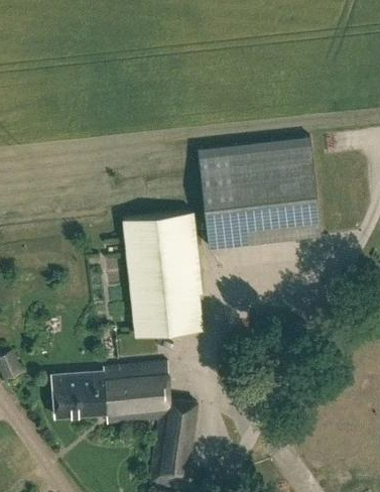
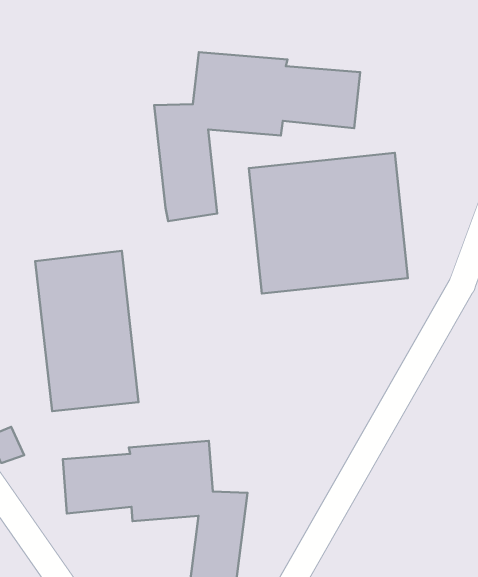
building: none -> [154,52,360,221]
building: [123,212,204,337] -> [35,251,139,411]

